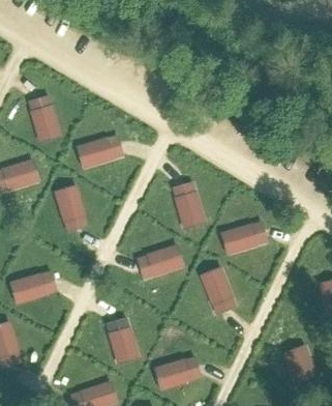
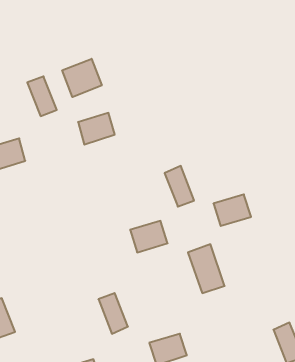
building: none -> [62,59,102,97]
building: [55,183,85,224] -> none
building: [13,269,52,301] -> none

